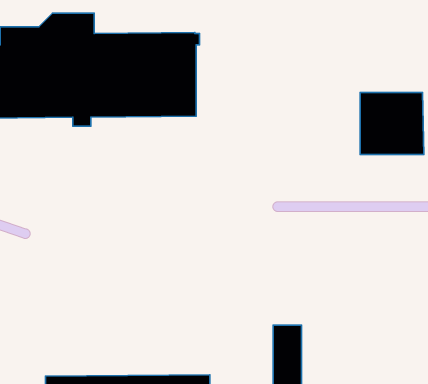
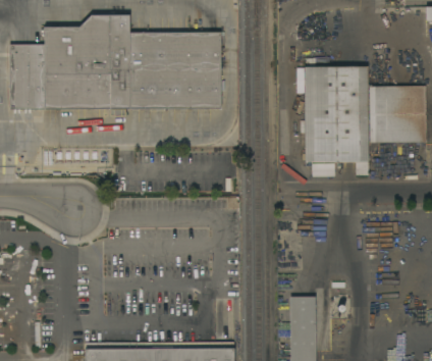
building: none -> [304,58,371,163]

